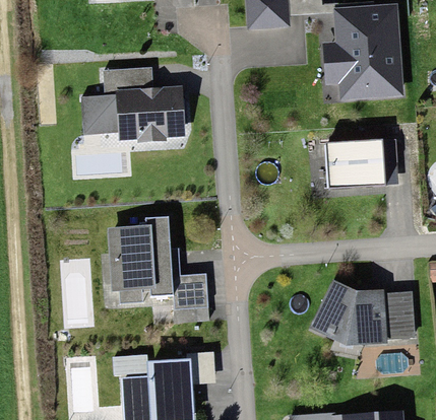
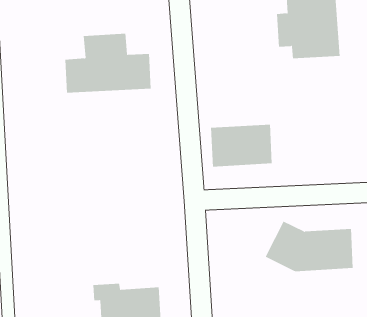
building: [327,138,399,188] -> [210,124,273,167]
building: [107,214,210,322] -> none

